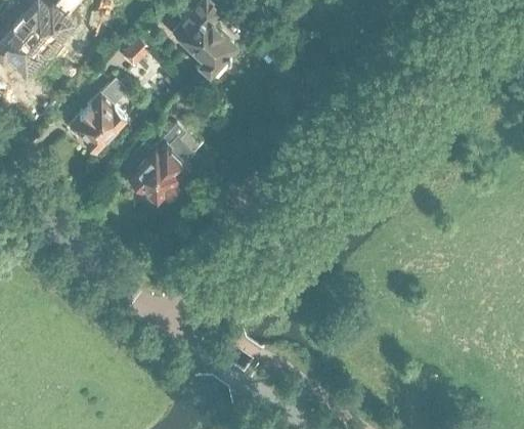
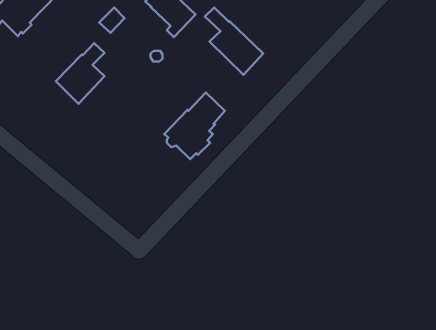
building: none -> [205,7,263,75]
building: [126,125,198,204] -> [164,93,225,159]

